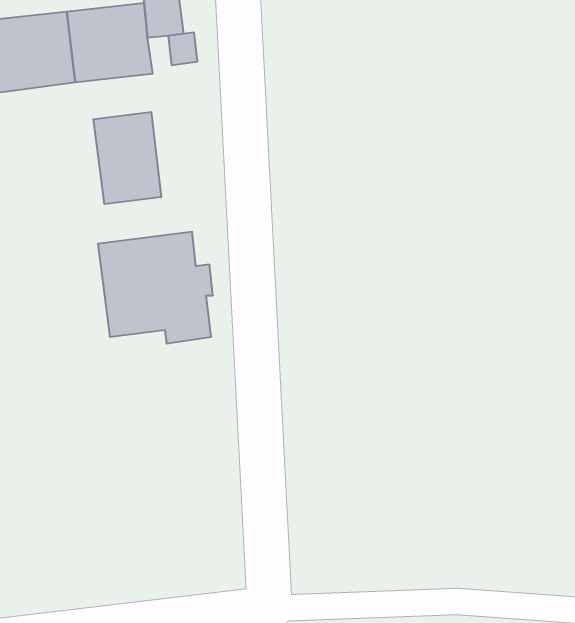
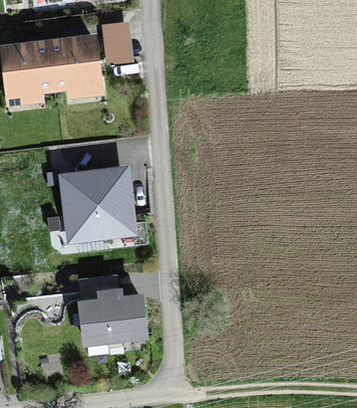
building: [93,112,161,204] -> none
building: none -> [79,289,143,340]

